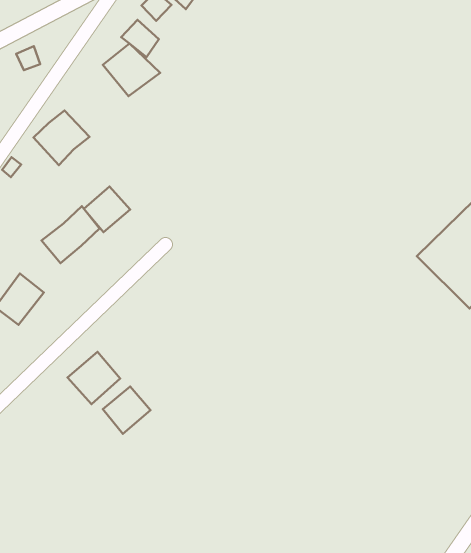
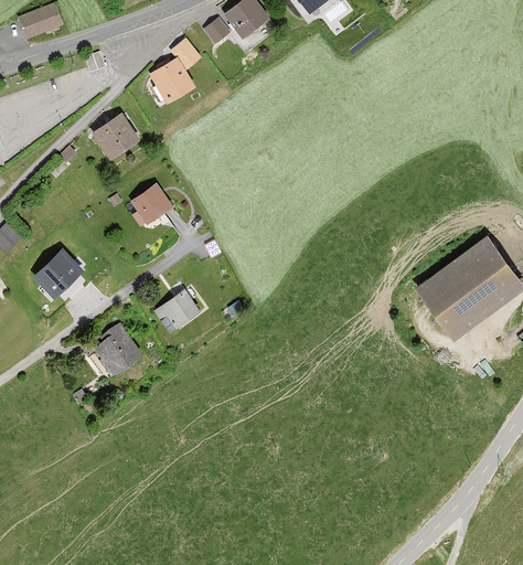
building: [41,206,100,263] -> none
building: none -> [151,294,195,333]
building: [103,387,151,434] -> none

